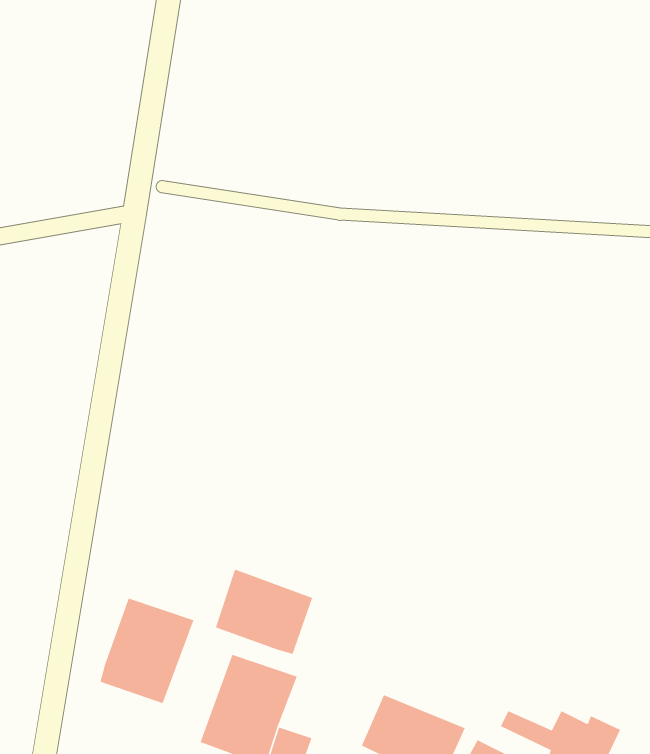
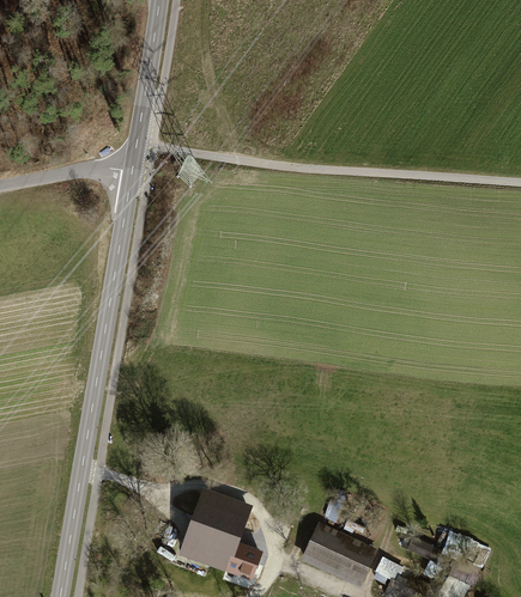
building: [215,568,313,655] -> none
building: [99,598,194,704] -> none

